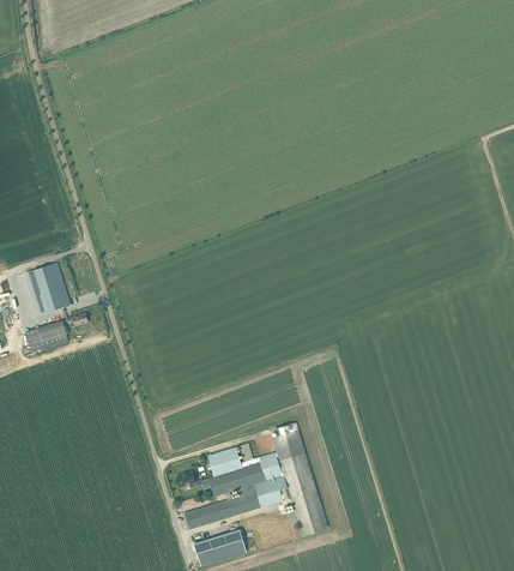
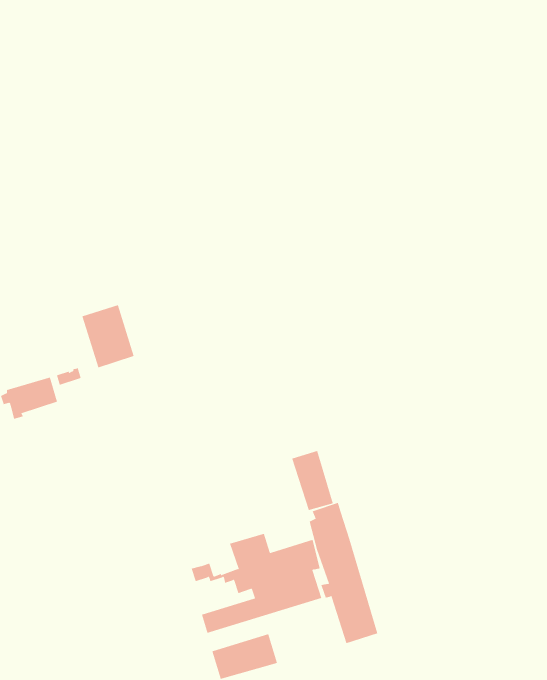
building: [28,263,71,314] -> [81,305,135,368]
building: none -> [292,450,334,511]

